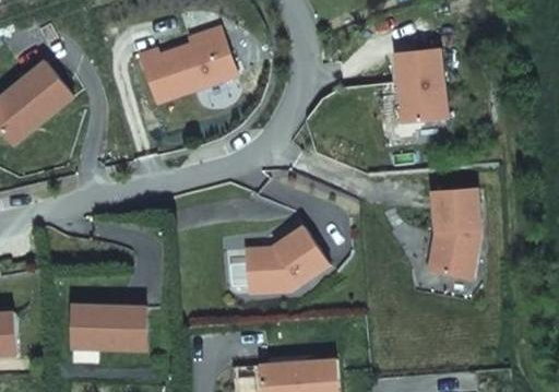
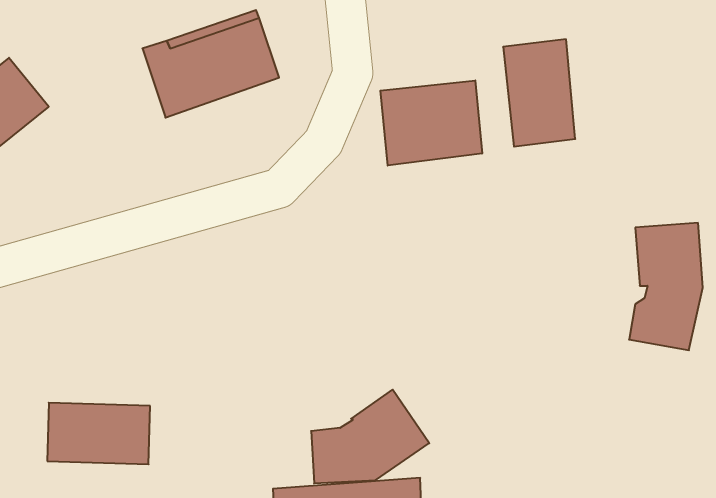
building: none -> [380,80,482,166]
building: [428,188,480,278] -> [629,223,703,350]
building: [245,226,329,293] -> [311,390,429,483]

